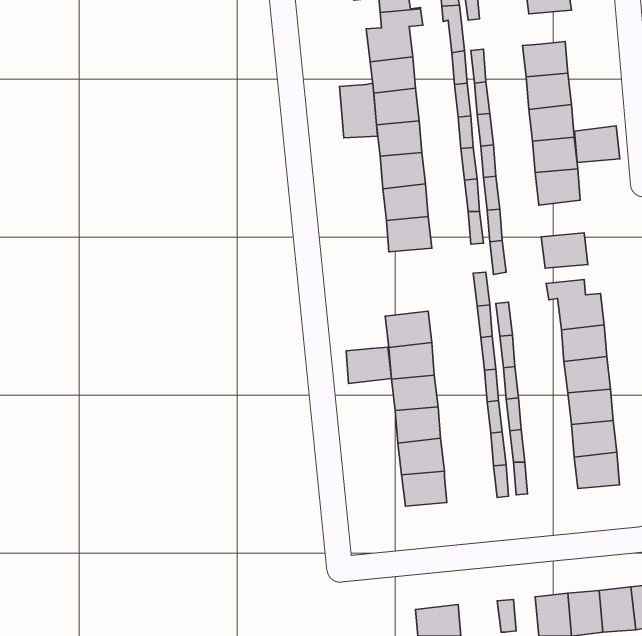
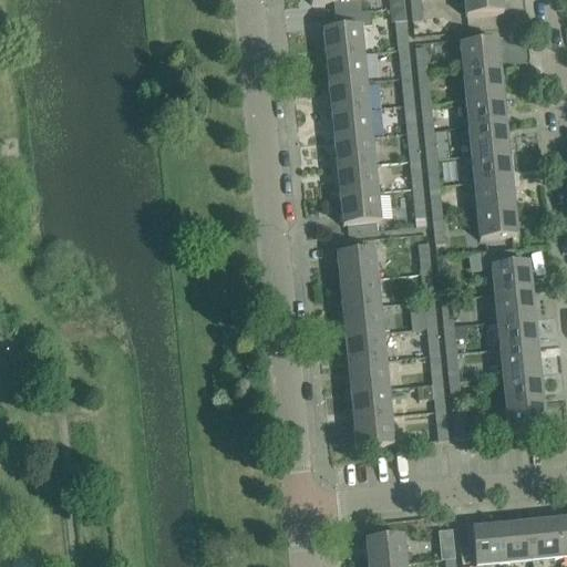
building: [340,83,377,138] -> none
building: [575,126,620,163] -> [475,176,515,208]
building: [346,347,391,384] -> [338,246,378,278]

